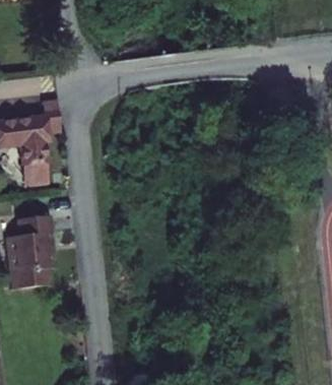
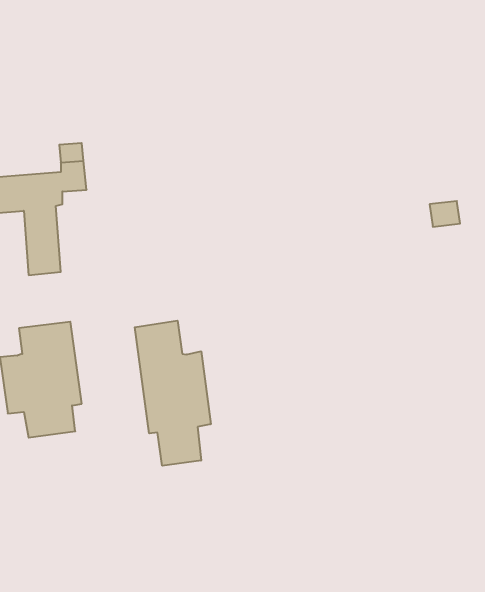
building: none -> [135,321,211,466]

